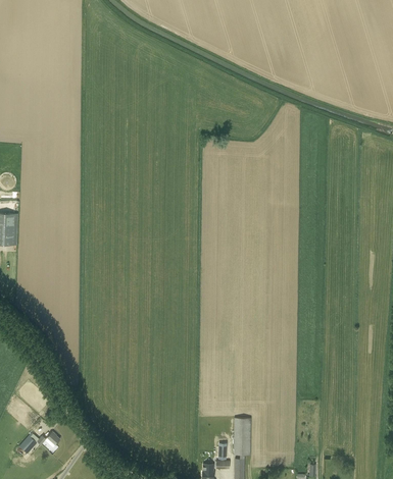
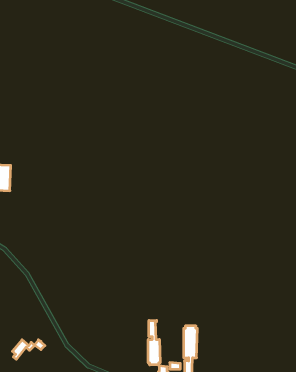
building: none -> [148,320,160,365]

